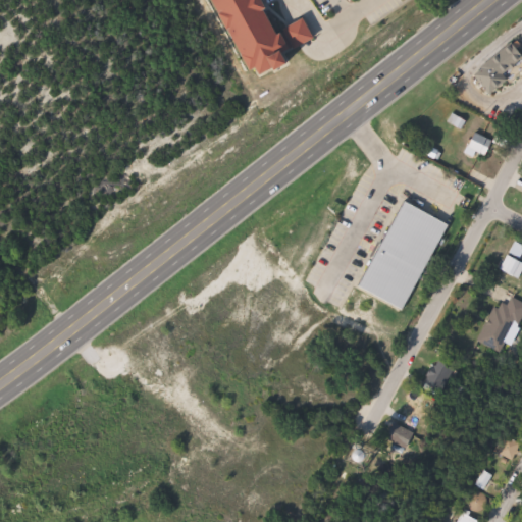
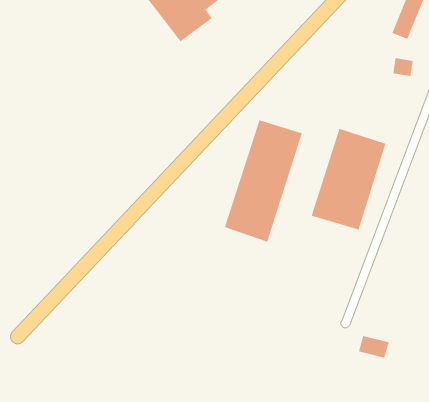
building: none -> [224,119,302,243]
building: [425,357,460,392] -> none

